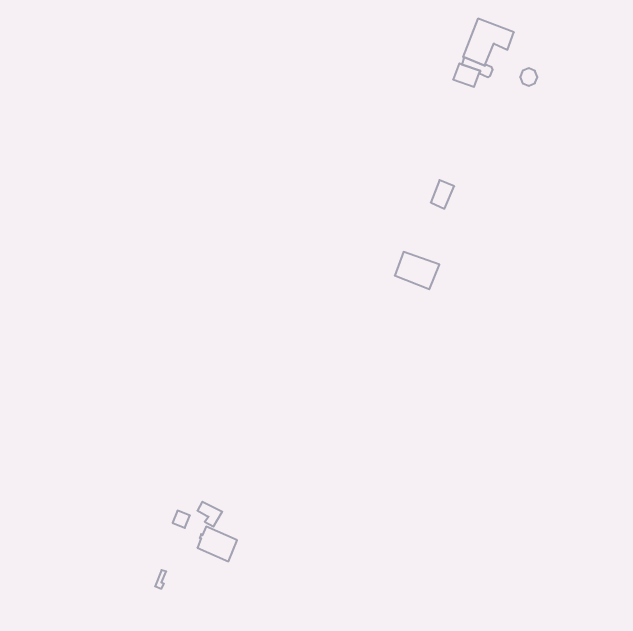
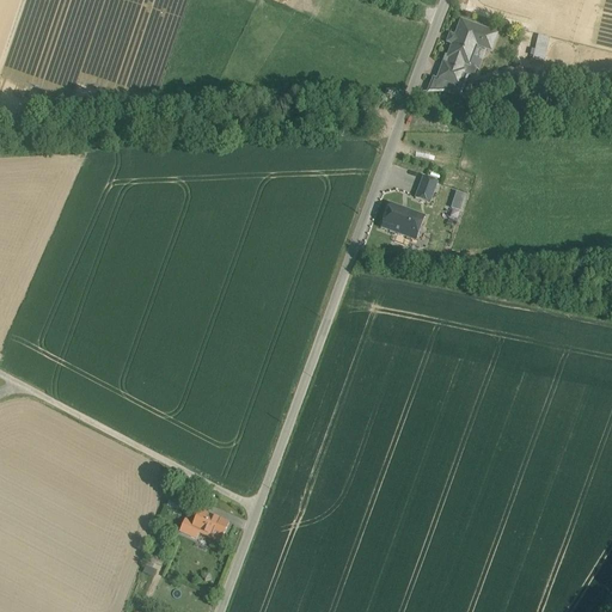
building: [395,252,439,289] -> [380,202,423,238]

